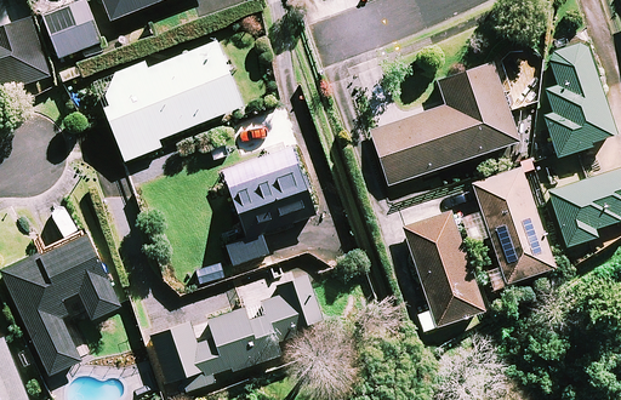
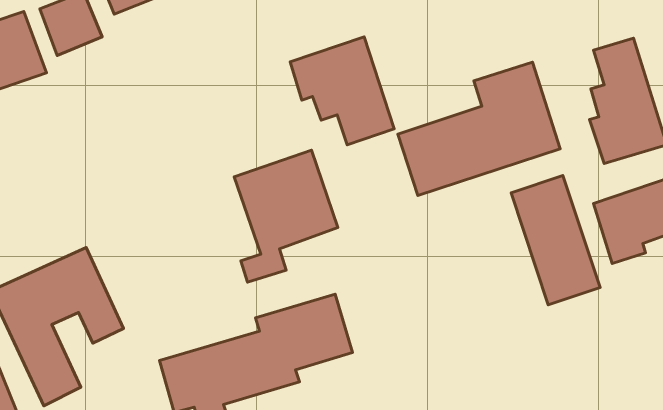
building: none -> [290,37,394,145]
building: [95,40,243,159] -> none
building: [403,210,484,331] -> none

